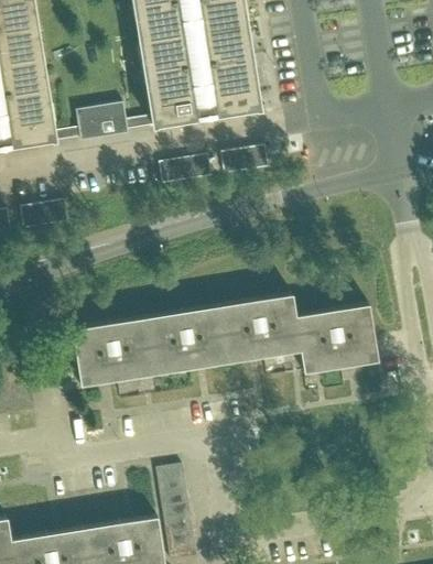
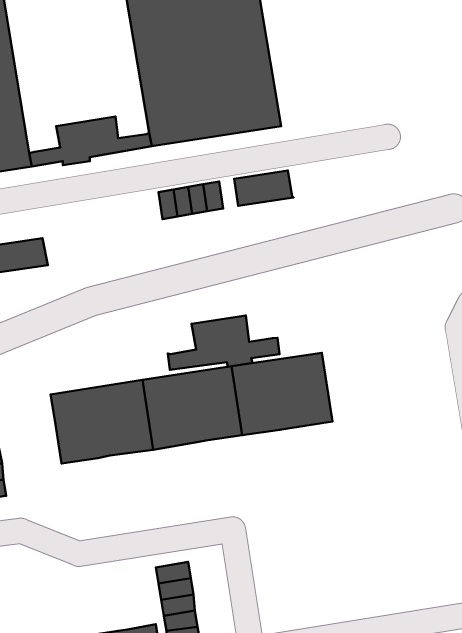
building: none -> [168,316,280,370]
building: [296,304,378,372] -> none

